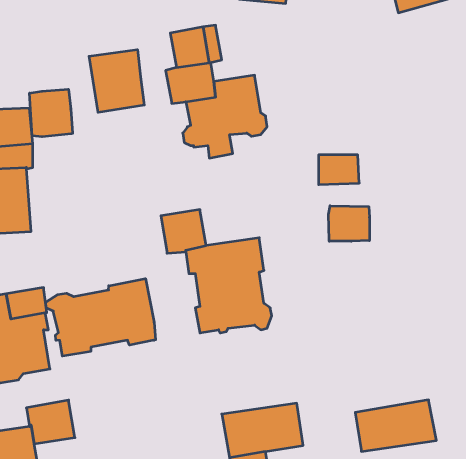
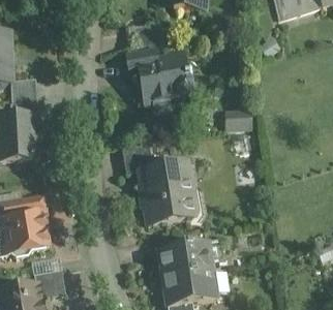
building: [89,50,144,112] -> none
building: [30,89,73,137] -> none
building: [328,206,369,241] -> none
building: [46,279,156,356] -> none
building: [355,400,436,451] -> [158,245,212,279]

